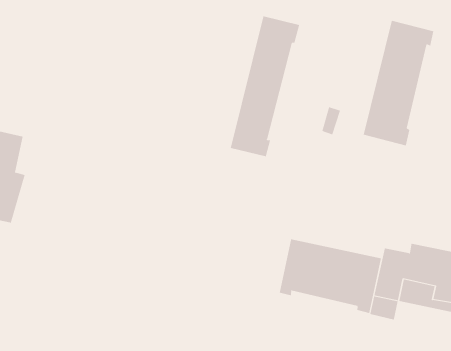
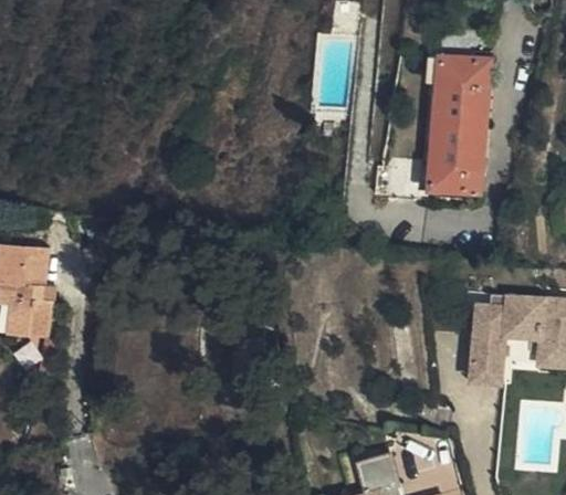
building: [230,16,300,157] -> none
building: [279,239,381,314] -> none

